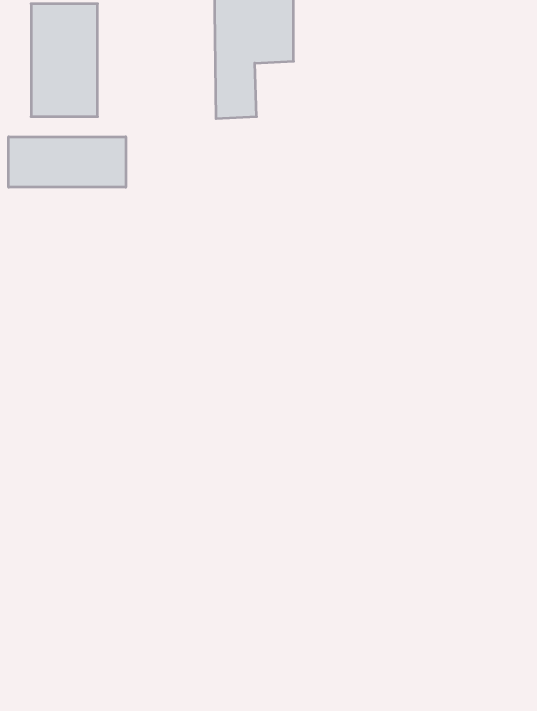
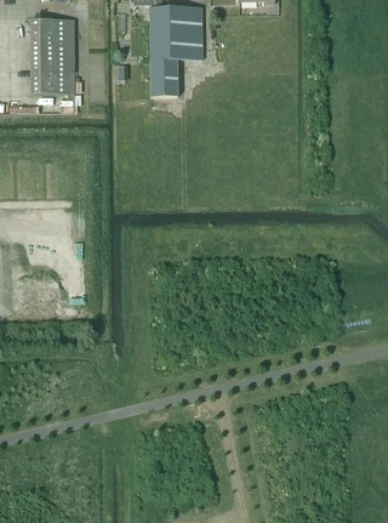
building: [9,137,126,187] -> none

